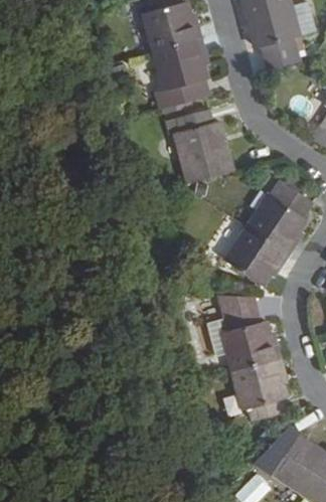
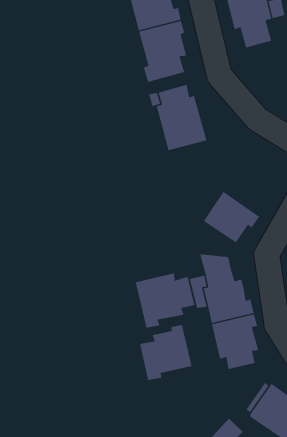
building: [246,179,309,254] -> none
building: none -> [135,273,195,329]
building: none -> [139,324,193,381]

